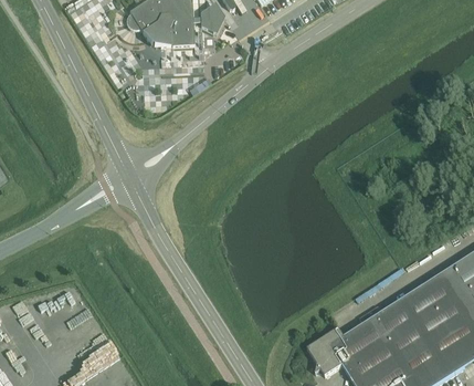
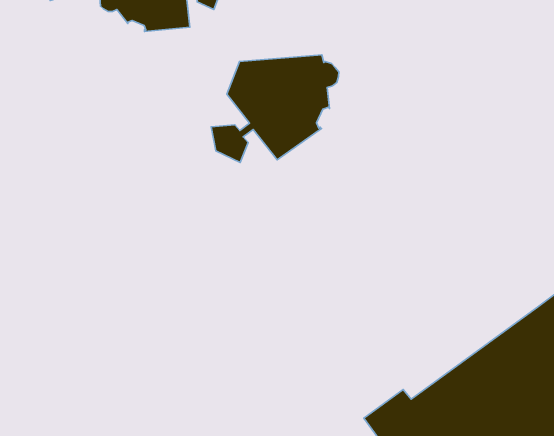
building: none -> [211,55,339,162]

